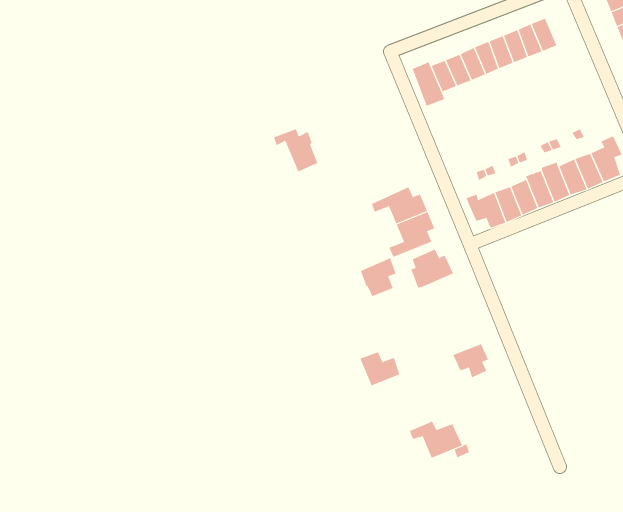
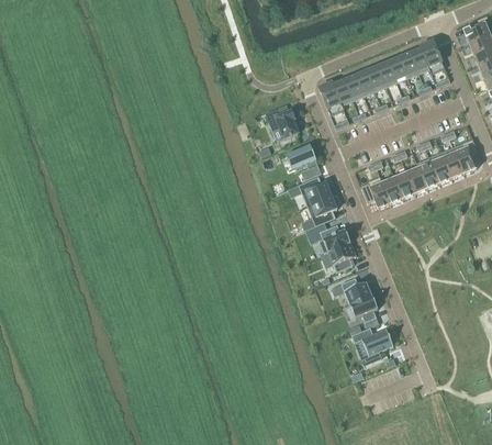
building: none -> [417,40,443,74]
building: [273,128,318,172] -> [264,105,298,138]
building: none -> [284,144,320,179]
building: [360,258,396,297] -> [326,242,354,271]
building: [360,351,400,386] -> [339,277,370,303]
building: [409,421,463,458] -> [350,326,391,355]

